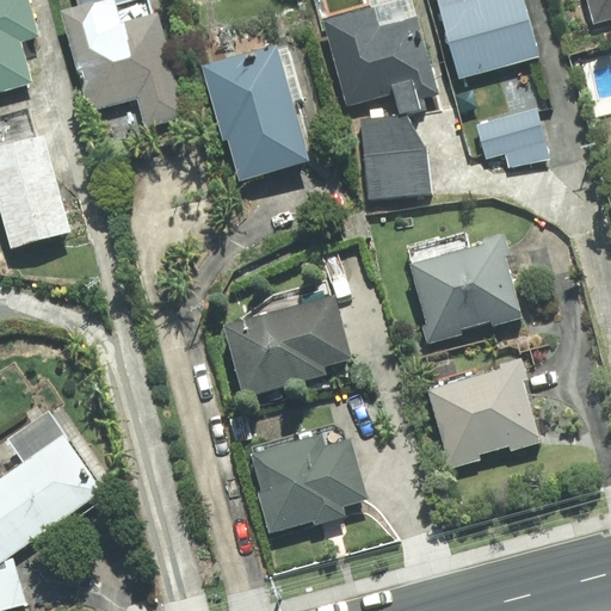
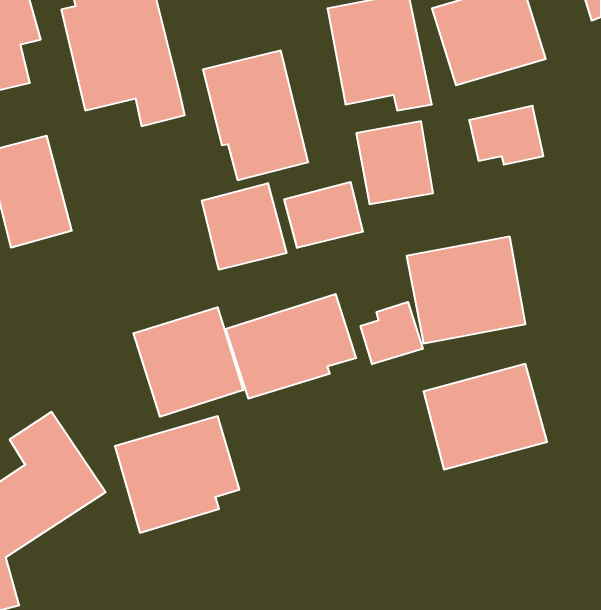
building: none -> [284,182,363,248]
building: none -> [202,183,287,270]
building: none -> [361,302,423,364]
building: none -> [134,307,243,417]
building: [245,427,369,543] -> [115,416,239,533]

